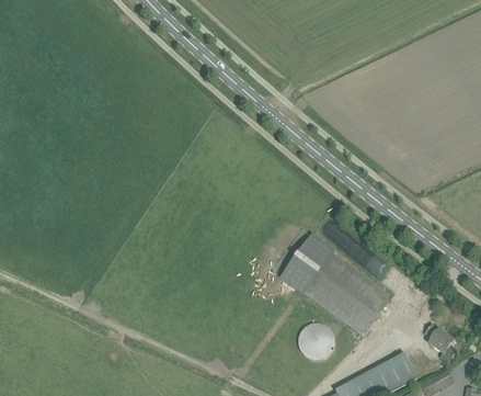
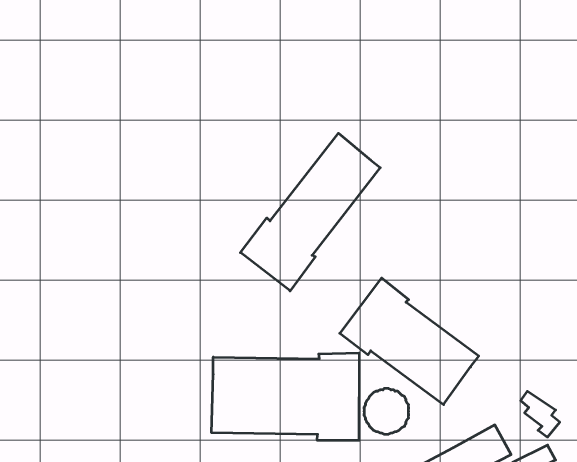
building: none -> [240,133,380,291]
building: none -> [212,353,359,440]

